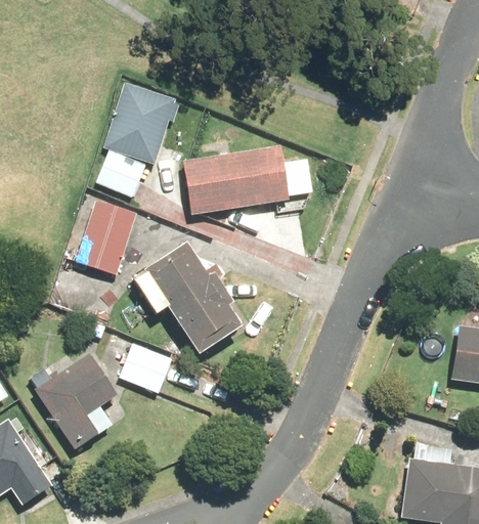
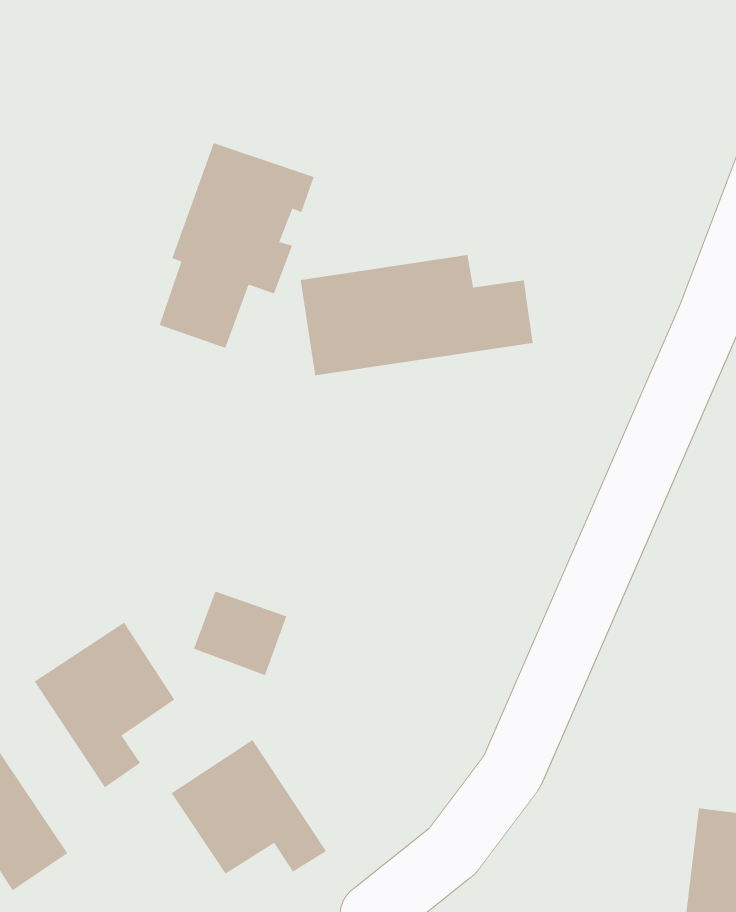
building: [82,199,147,276] -> none
building: [138,246,234,357] -> none
building: none -> [171,739,327,874]

